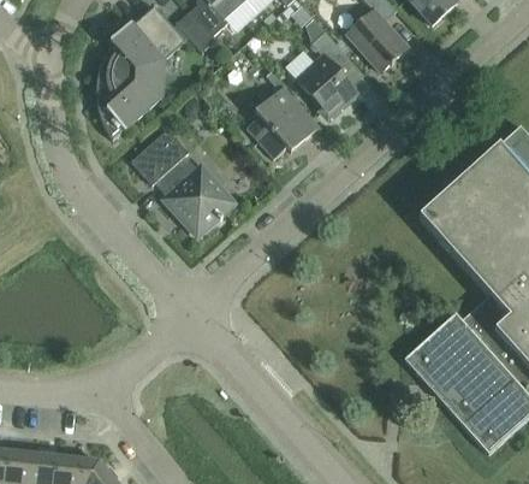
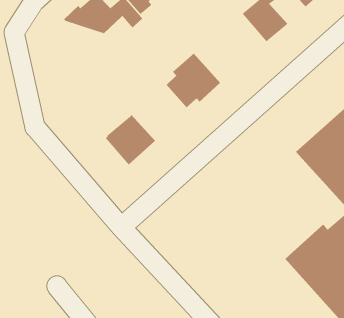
building: [287,30,357,116] -> none
building: [96,42,165,138] -> none
building: [132,128,198,194] -> none

